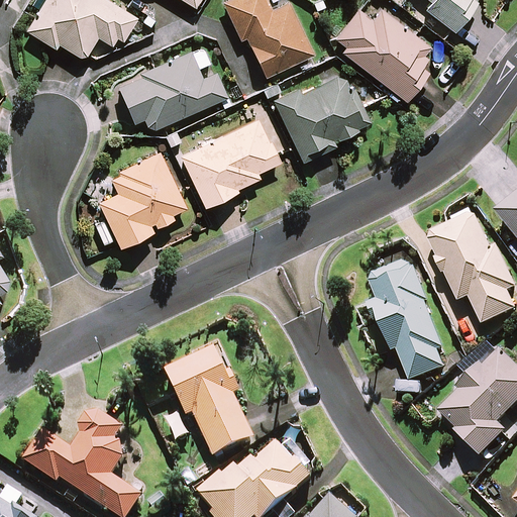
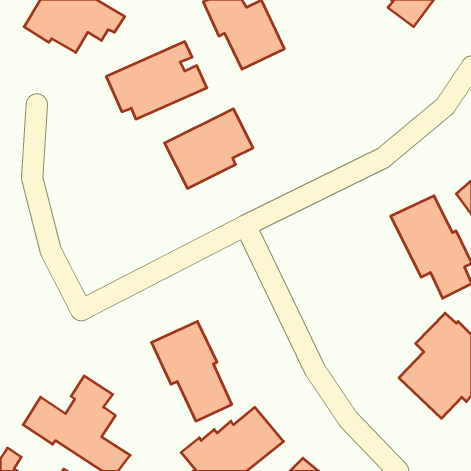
building: [334,8,430,101] -> none
building: [274,71,370,161] -> none
building: [96,151,185,246] -> none
building: [370,262,445,382] -> none

